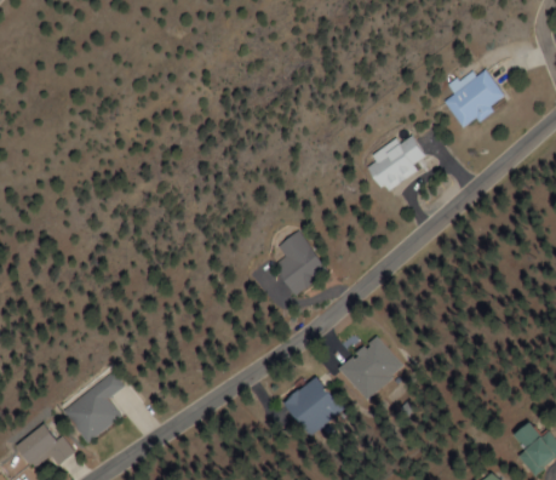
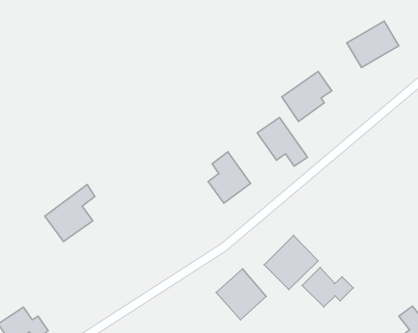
building: none -> [257,117,308,166]
building: [63,371,125,441] -> [45,185,95,242]
building: none -> [302,268,353,307]

